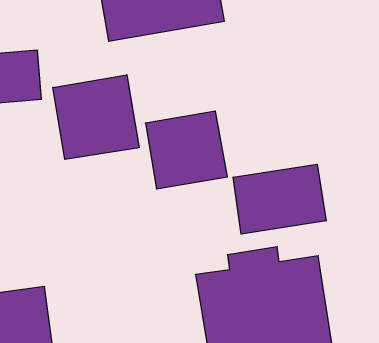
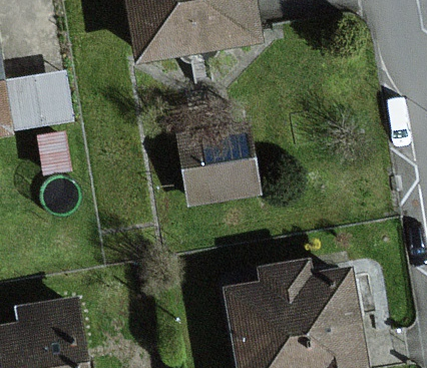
building: [53,75,139,159] -> none
building: [233,164,326,234] -> none

